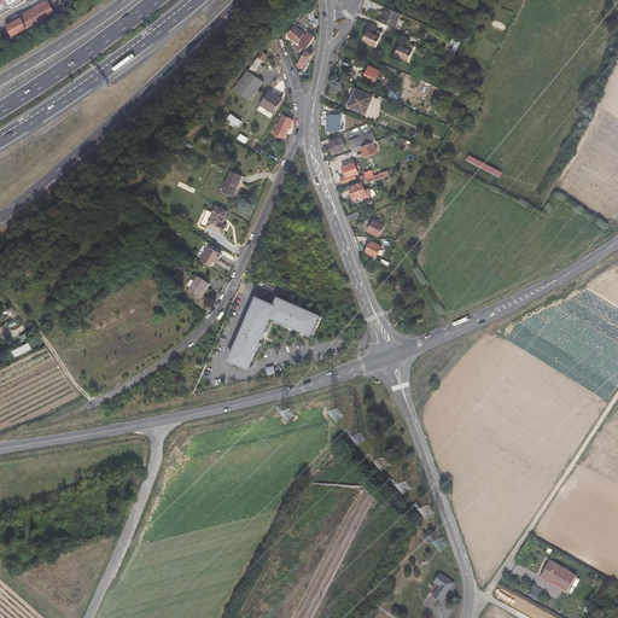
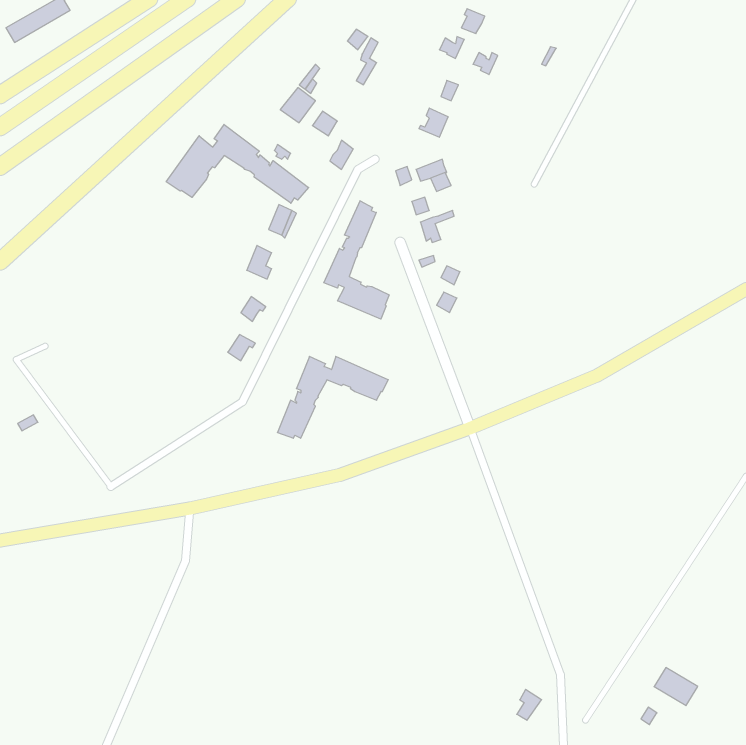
building: none -> [166,124,309,203]
building: none -> [324,201,389,319]

